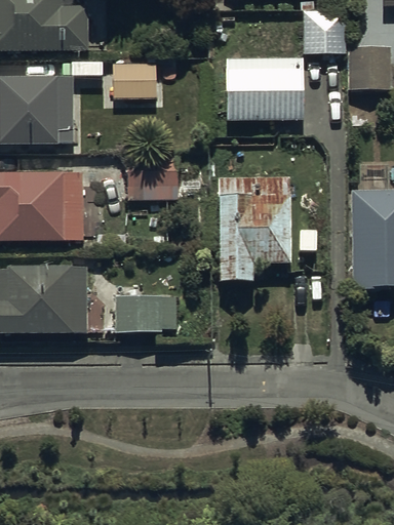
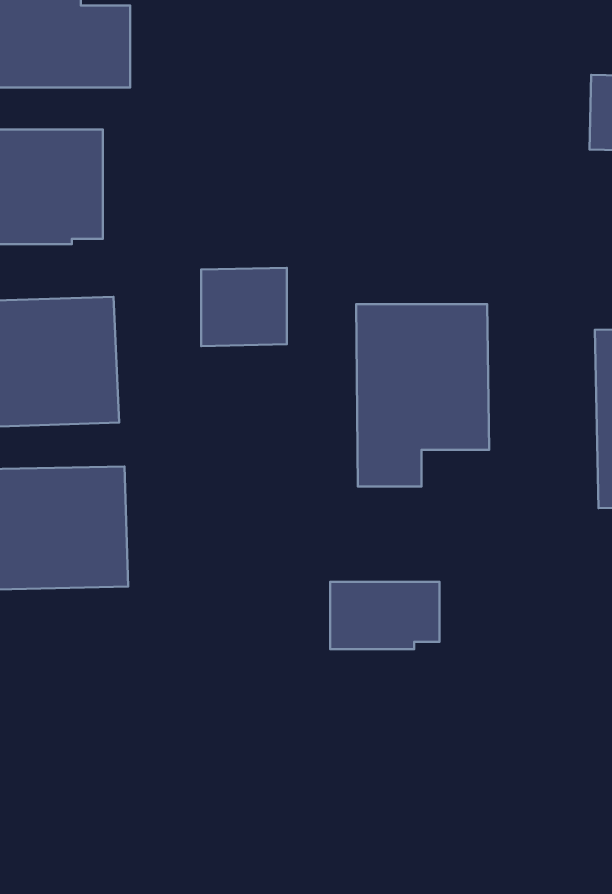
building: [304,8,346,50] -> none
building: [226,56,307,134] -> none
building: [112,63,157,96] -> none
building: [115,294,176,332] -> [330,582,440,649]

